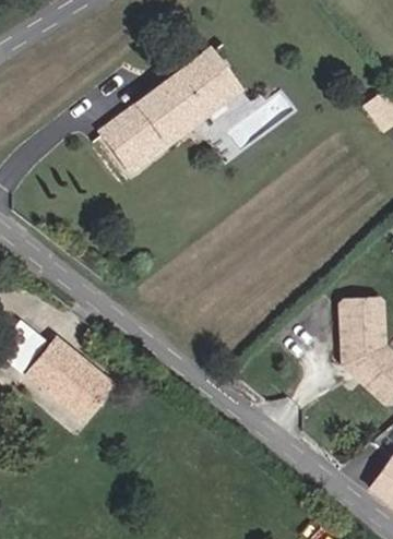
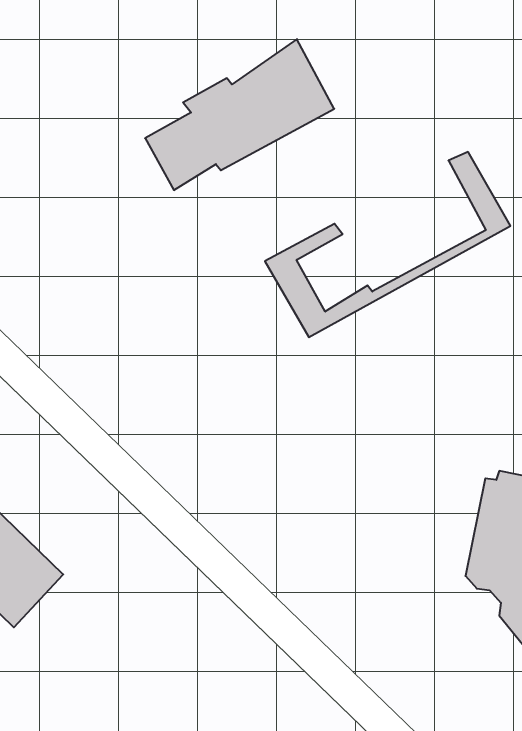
building: [100,49,242,170] -> [265,152,510,337]

